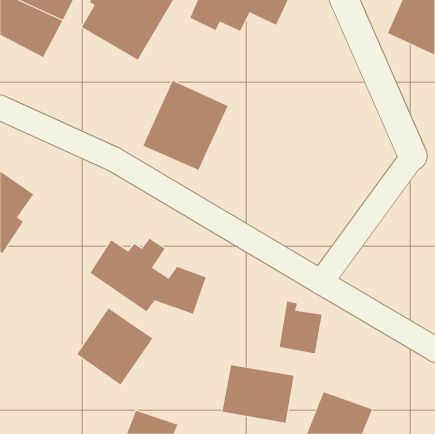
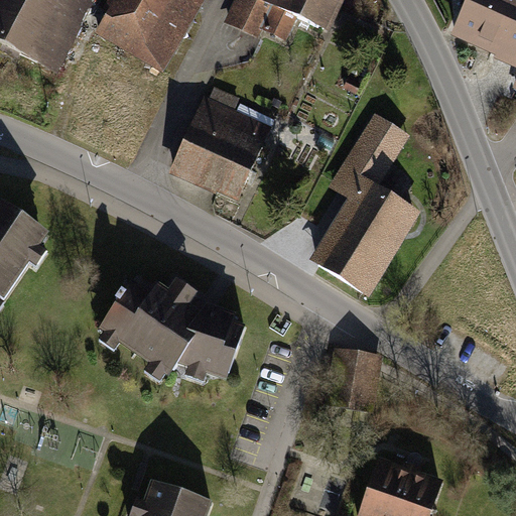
building: none -> [317,115,413,291]
building: [76,307,153,386] -> none
building: [222,364,294,423] -> none

